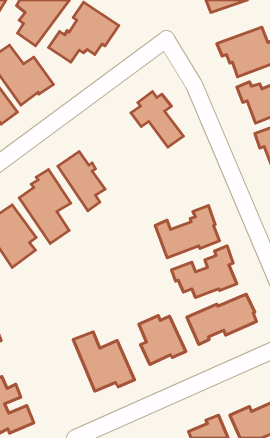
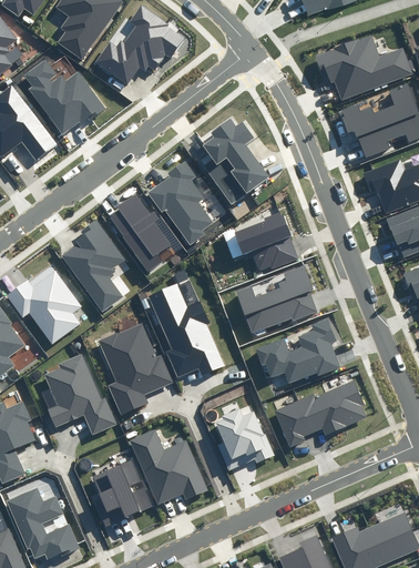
building: none -> [205,158,251,206]
building: none -> [149,160,213,244]
building: none -> [234,211,298,274]
building: none -> [147,284,225,377]
building: none -> [98,323,171,413]
building: none -> [44,354,116,435]
building: none -> [92,462,151,527]

